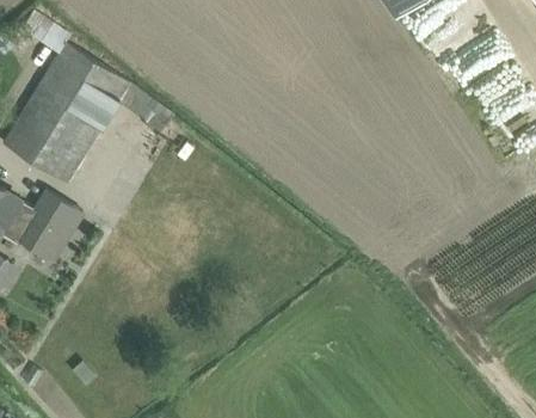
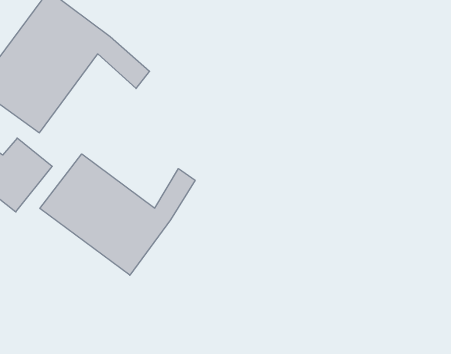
building: none -> [40,154,195,275]

